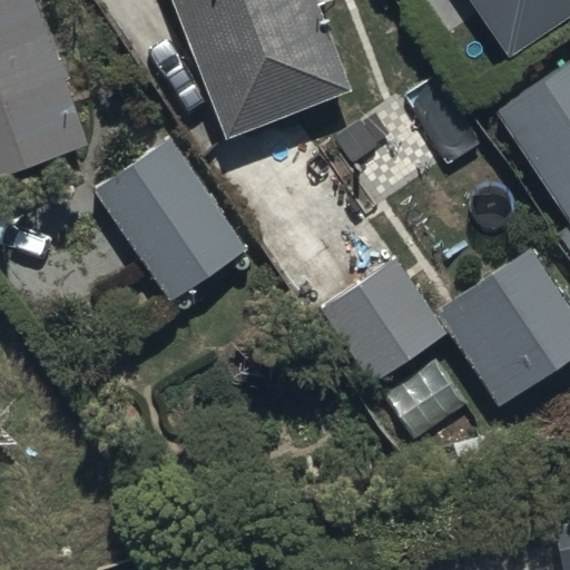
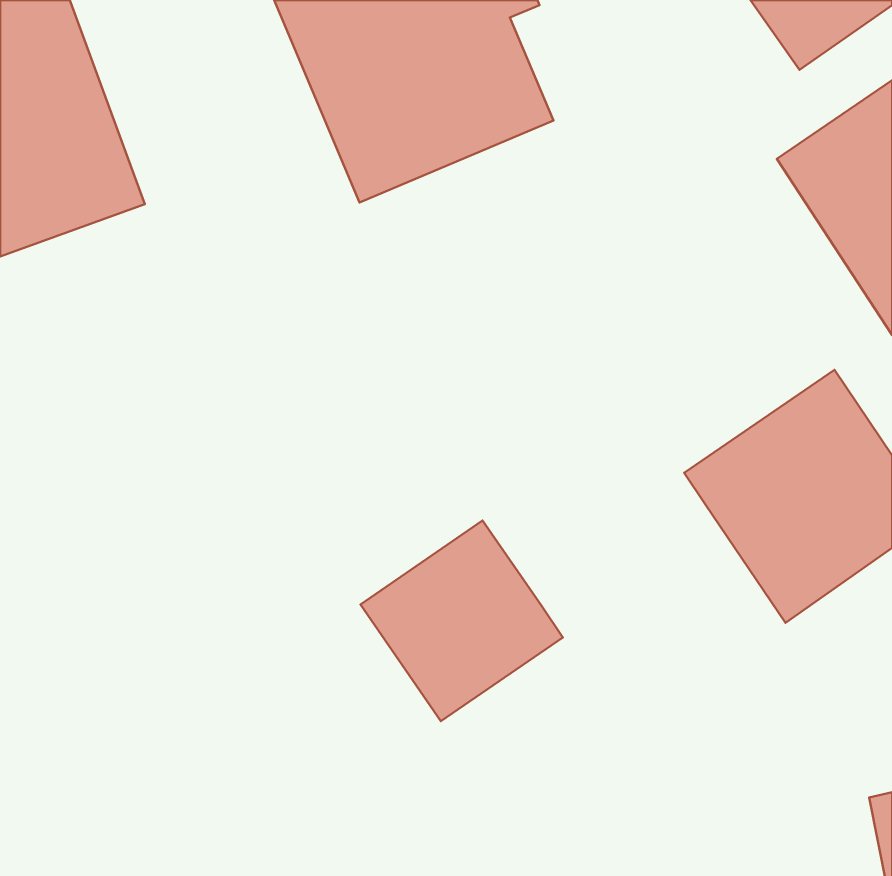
building: [97,140,249,301] -> none
building: [321,257,450,385] -> [360,521,563,721]

